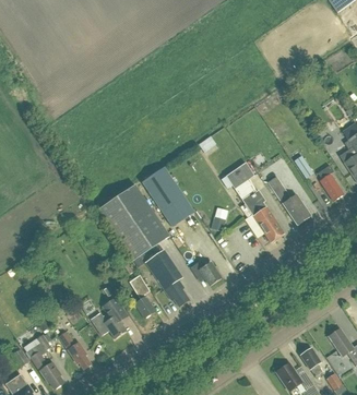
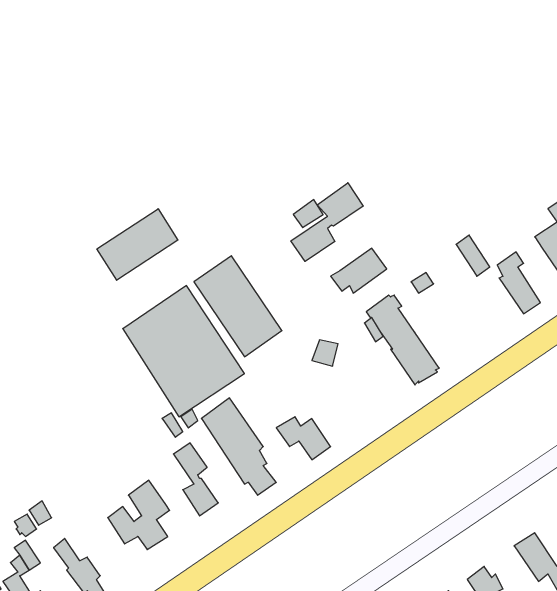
building: none -> [291,183,363,261]
building: none -> [97,209,178,280]
building: [279,193,310,224] -> none

